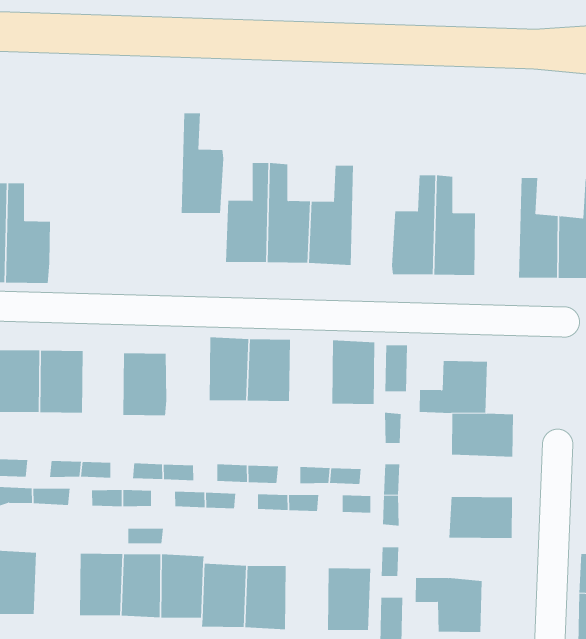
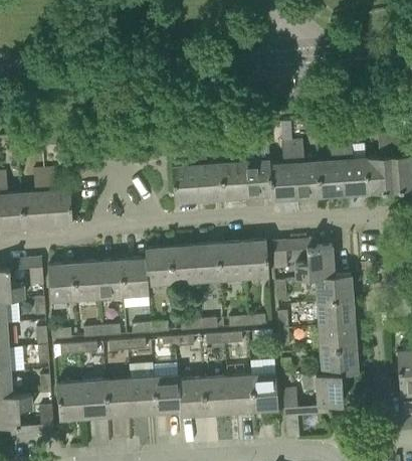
building: [181,113,224,214] -> [244,138,271,197]
building: none -> [318,137,346,196]
building: none -> [145,247,173,286]
building: none -> [217,242,244,280]
building: none -> [97,261,124,298]
building: none -> [317,300,355,326]
building: none -> [320,347,359,373]
building: none -> [81,379,110,418]
building: none -> [227,374,254,413]

